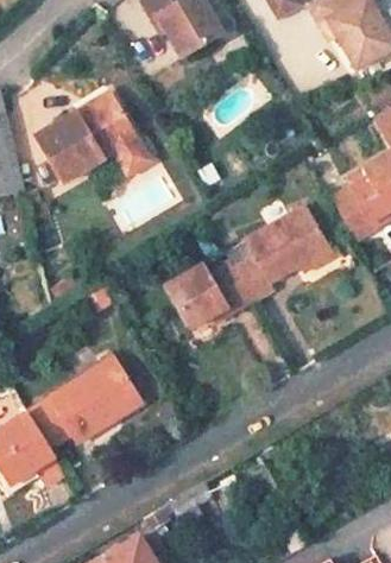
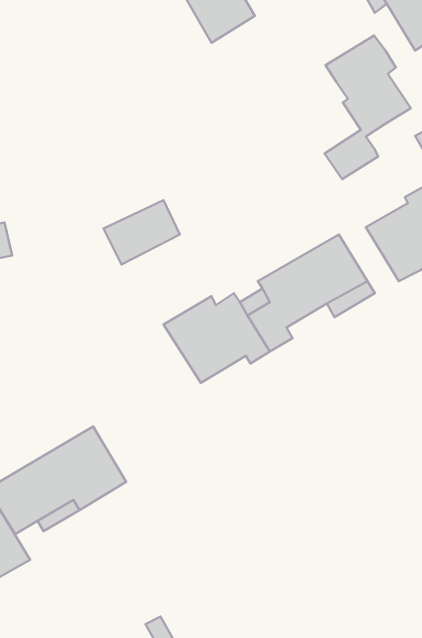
building: none -> [324,36,411,179]
building: [43,87,153,191] -> none

